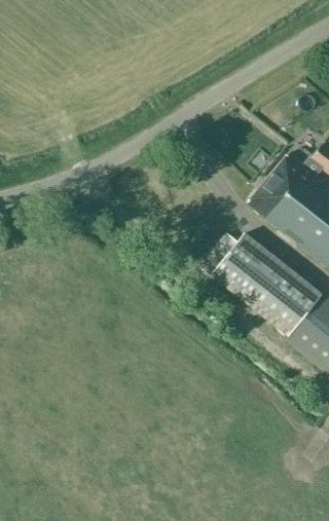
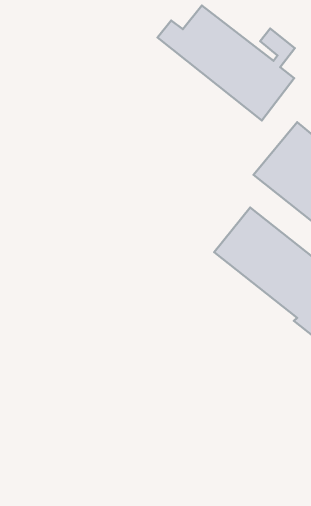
building: none -> [158,6,295,120]

